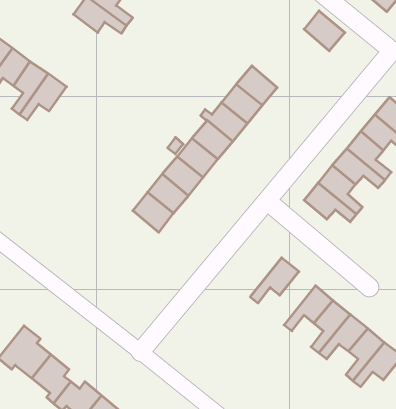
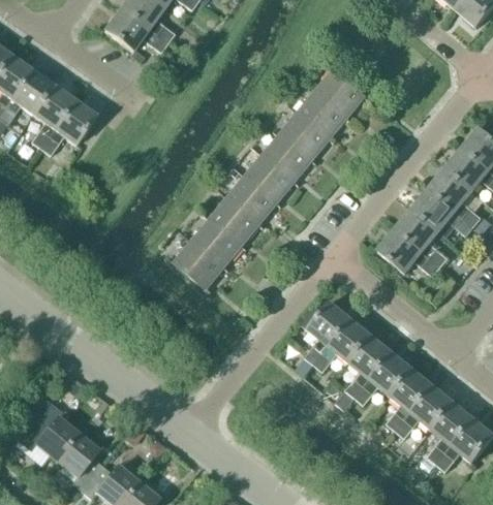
building: [304,11,345,51] -> [316,69,365,117]
building: none -> [305,302,351,365]
building: none -> [346,335,392,398]

